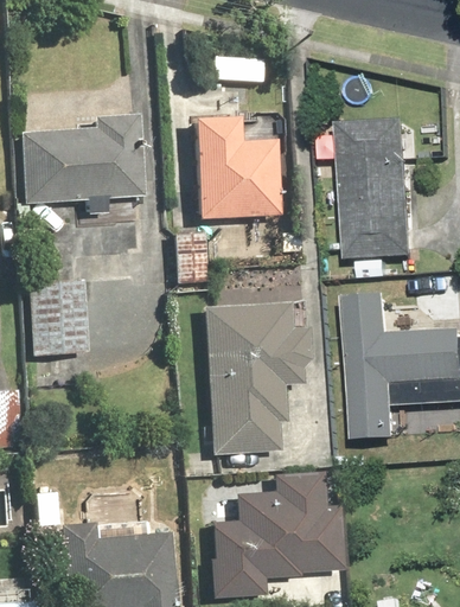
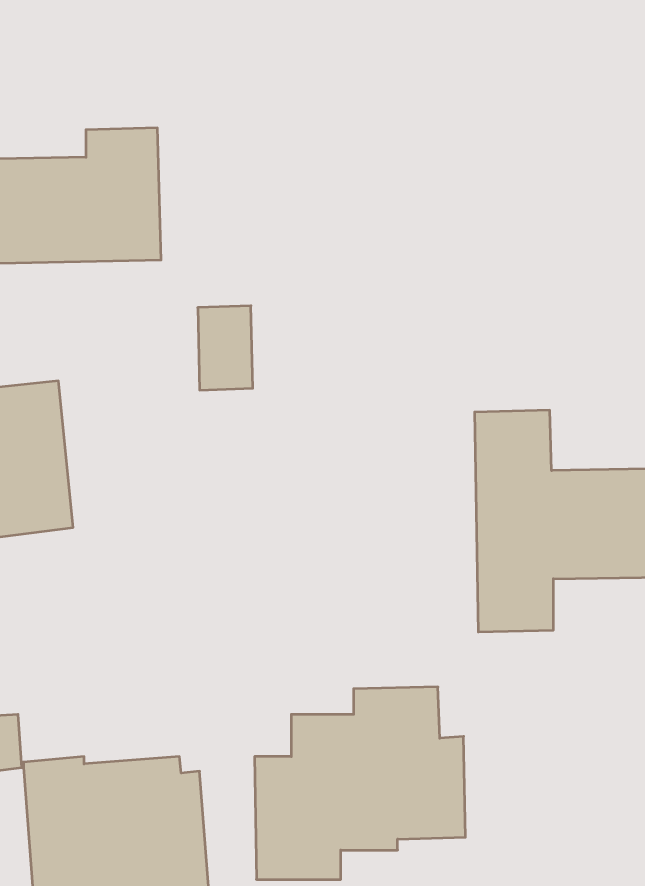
building: [191,117,285,217] -> none
building: [346,120,415,261] -> none
building: [202,301,307,453] -> none

